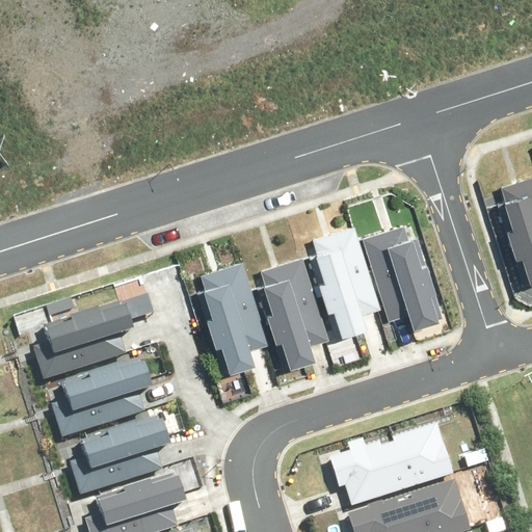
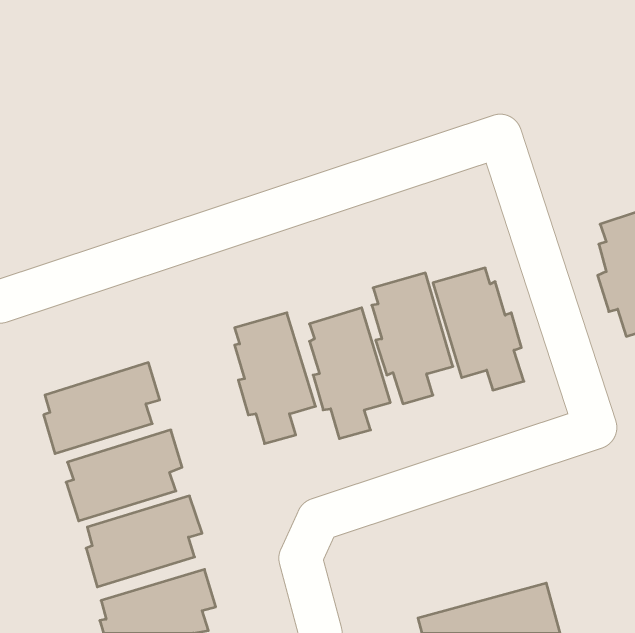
building: [336,431,455,502] -> none

